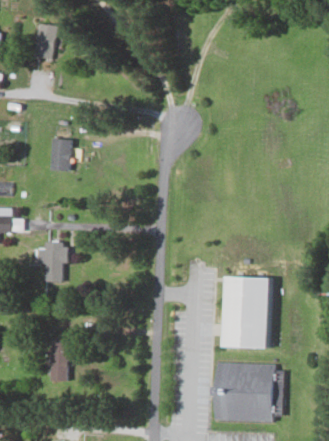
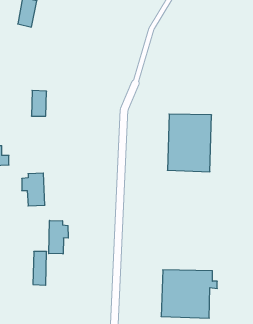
building: [219,278,274,350] -> [167,114,212,172]
building: none -> [49,220,68,254]

